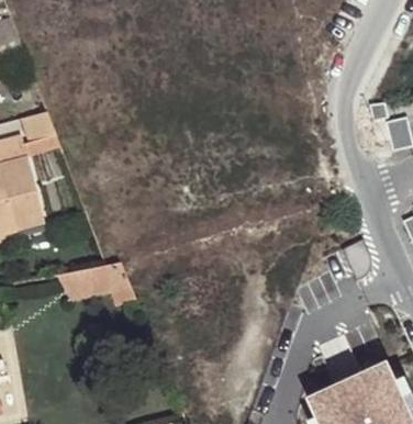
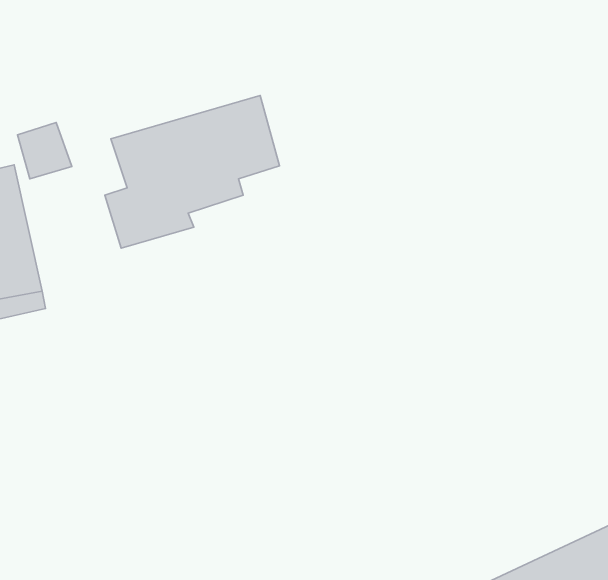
building: none -> [105,95,279,248]
building: [56,263,135,306] -> none

